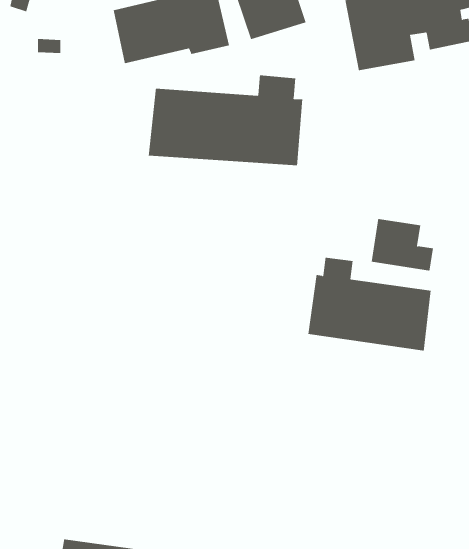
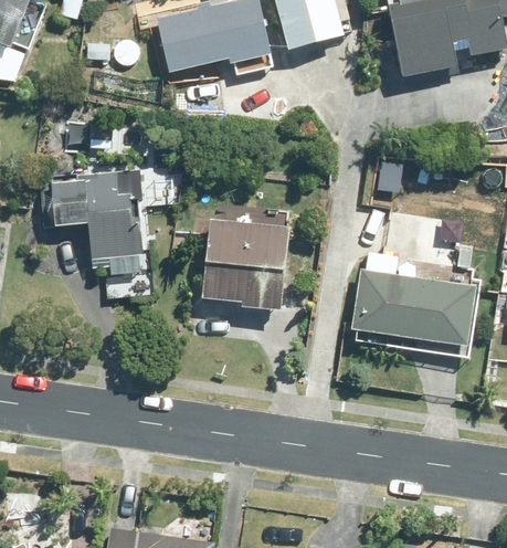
building: [148,74,303,166] -> none
building: none -> [55,171,156,301]
building: none -> [200,220,292,307]

